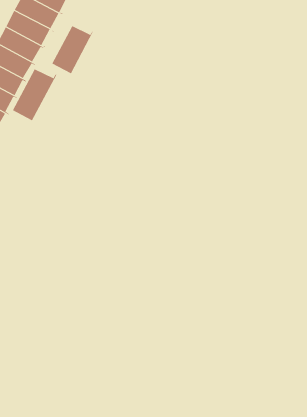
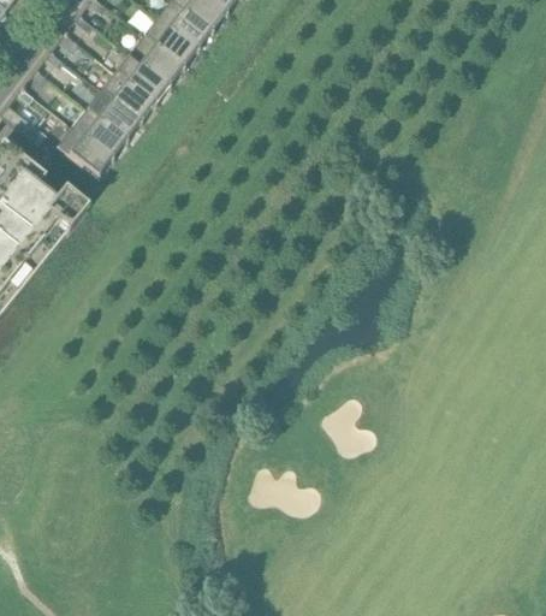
building: [51,21,94,74] -> none
building: [12,64,57,121] -> none

